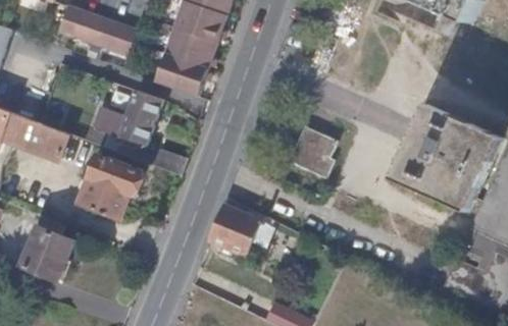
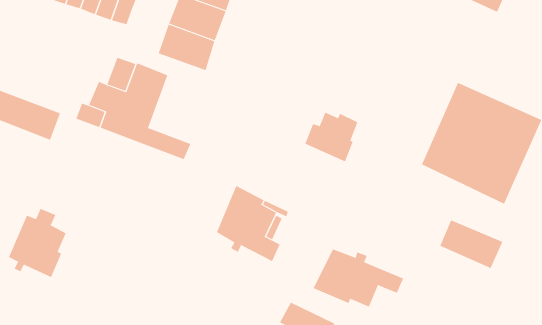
building: [81,154,143,218] -> none
building: none -> [439,219,503,269]
building: none -> [313,249,404,307]

